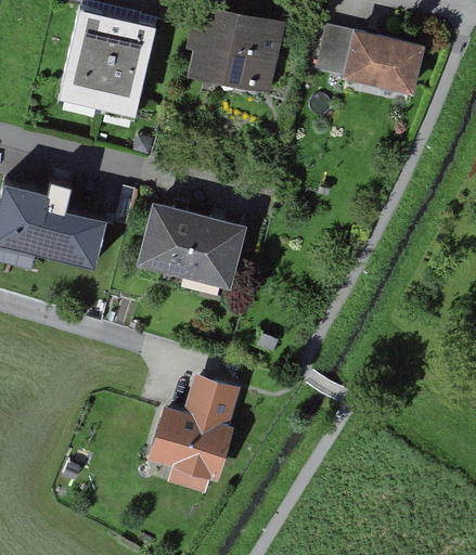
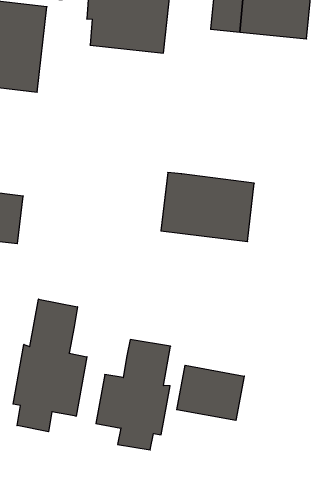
building: [142,207,243,287] -> [161,173,254,242]
building: none -> [13,299,87,432]
building: none -> [177,365,244,420]

